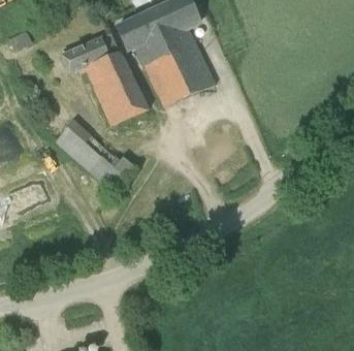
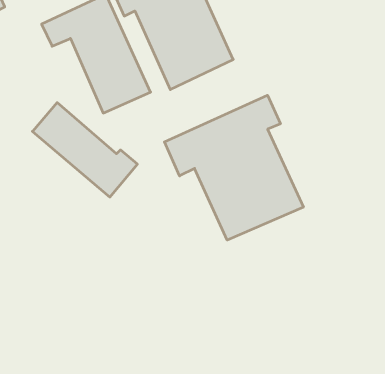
building: none -> [164,95,303,240]

